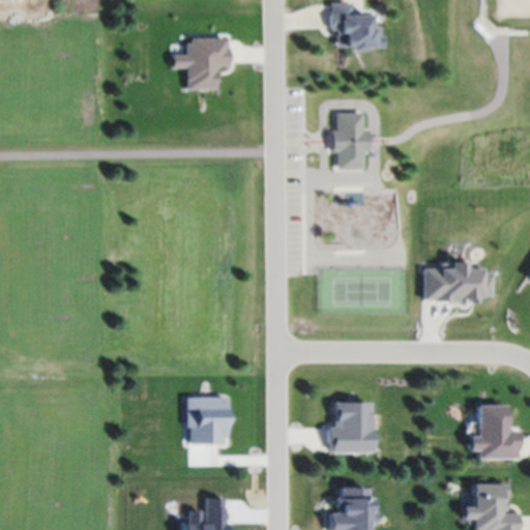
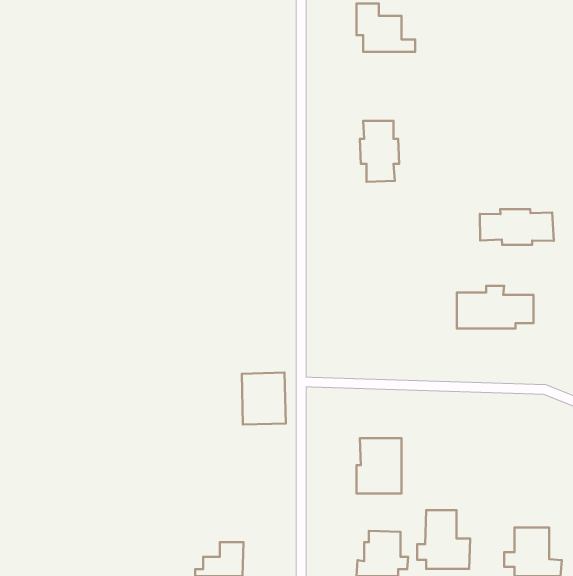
building: [173,38,229,89] -> none
building: none -> [480,209,554,245]
building: [186,396,227,444] -> [242,373,286,425]
building: [472,405,521,459] -> [417,510,470,569]

